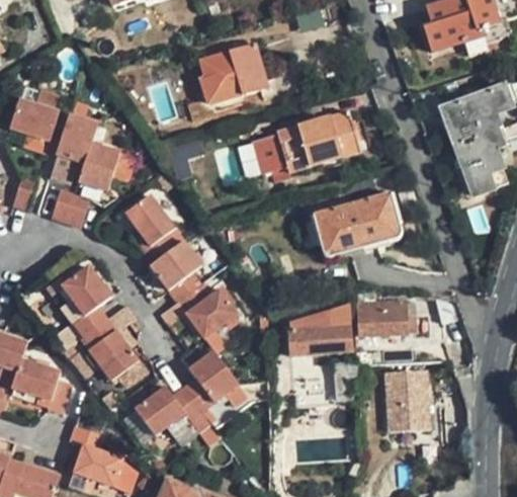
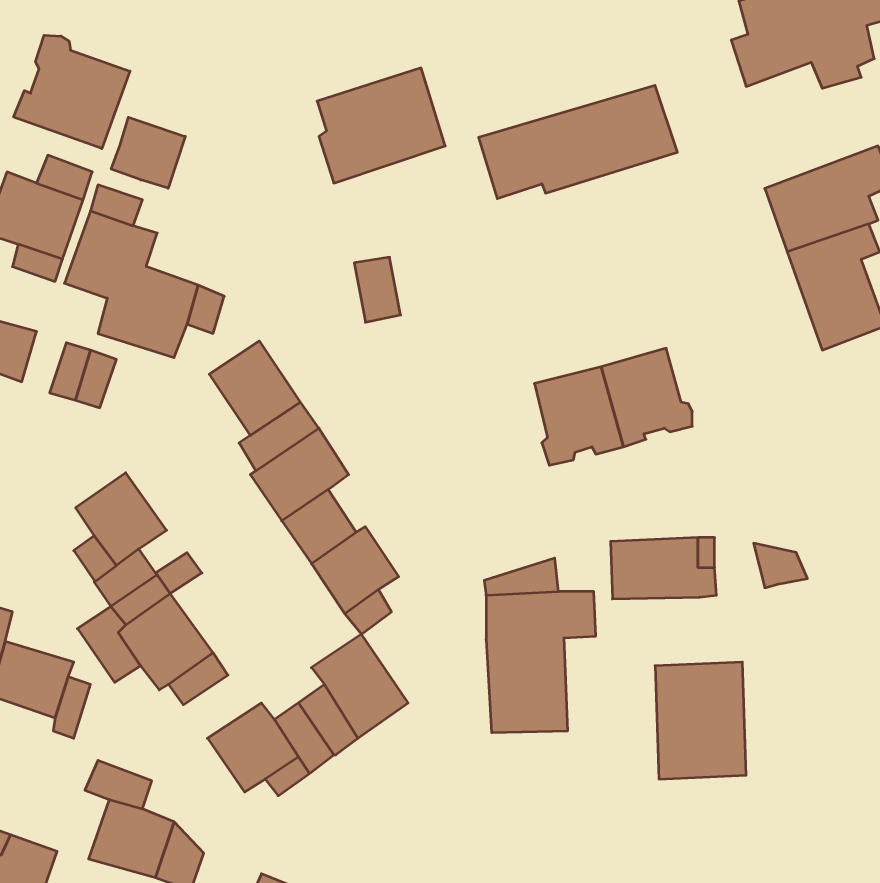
building: none -> [14,35,130,149]
building: none -> [111,117,185,188]
building: [249,112,357,174] -> [479,85,677,199]

